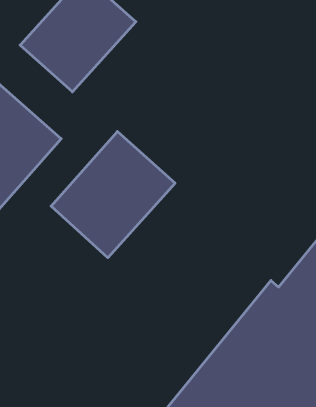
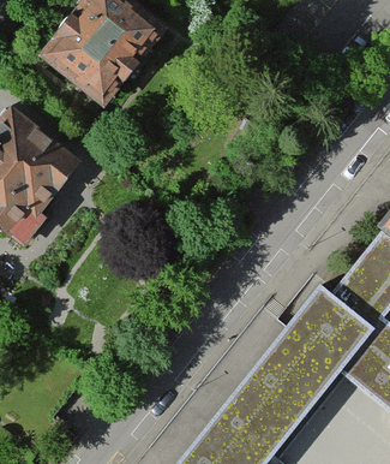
building: [51,131,175,258] -> none

